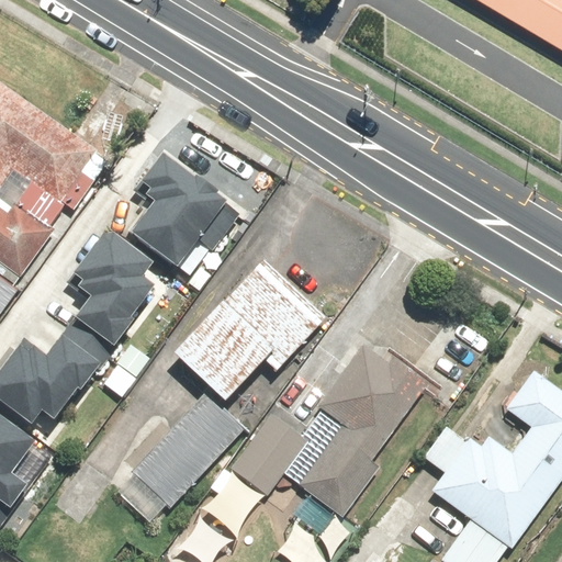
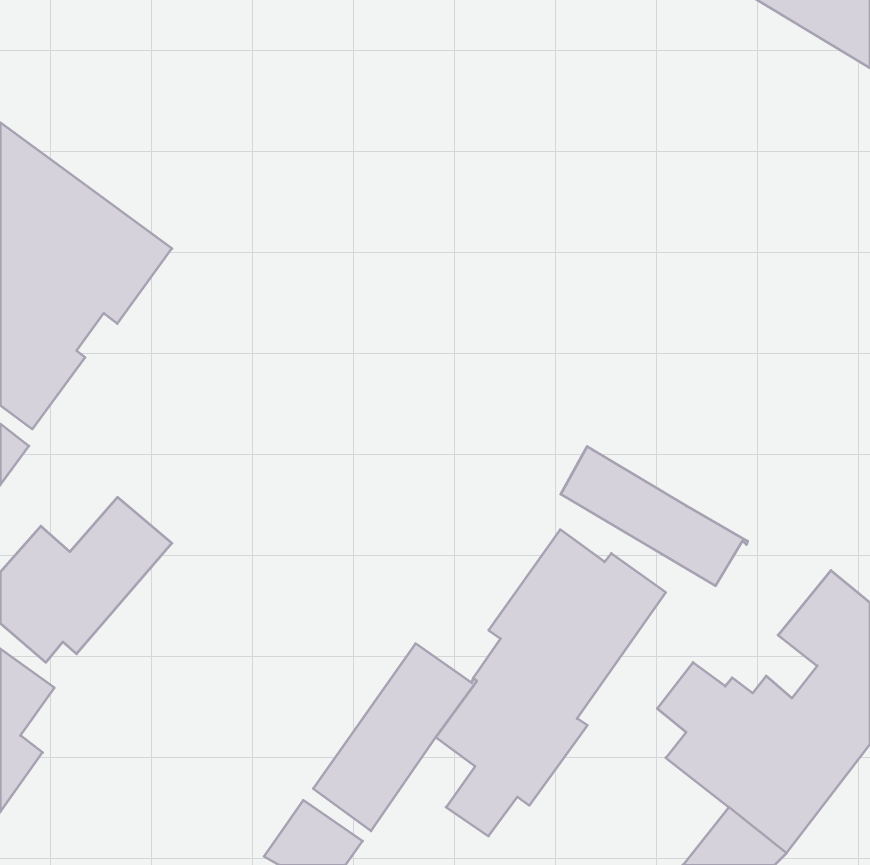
building: [127,153,241,268] -> none
building: [70,227,157,345] -> none
building: [172,260,326,403] -> none
building: none -> [561,446,748,586]
building: [122,411,243,522] -> none

